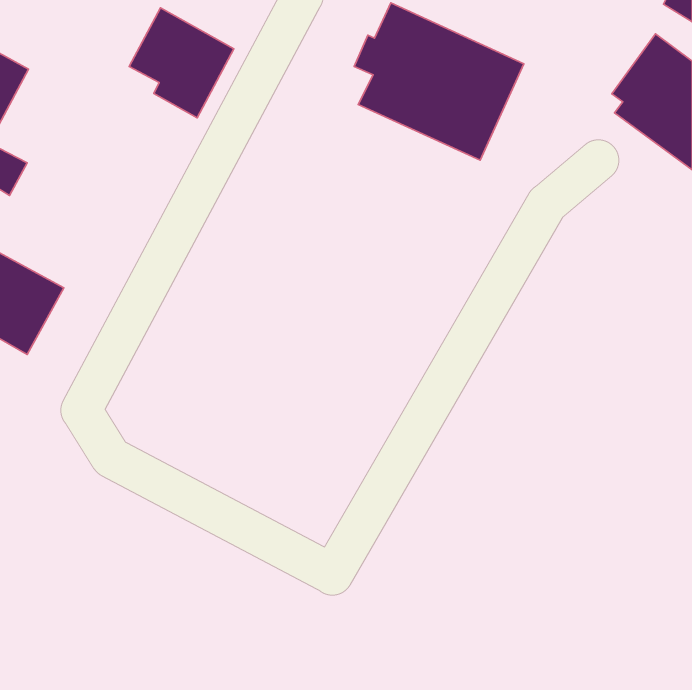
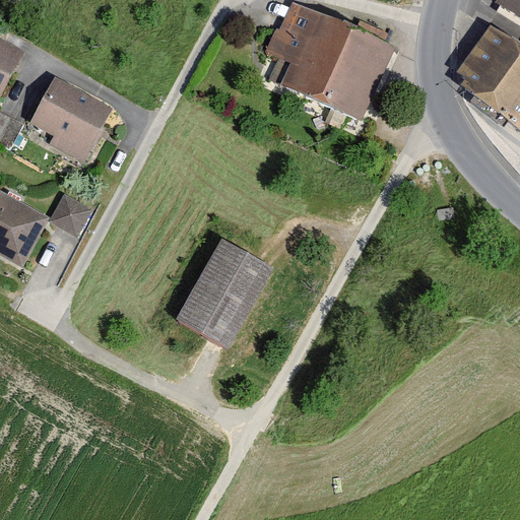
building: [129,8,234,118] -> [30,77,109,159]
building: none -> [50,195,89,235]
building: none -> [177,240,272,347]

